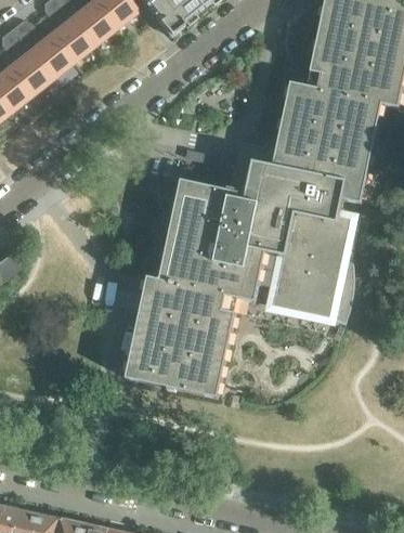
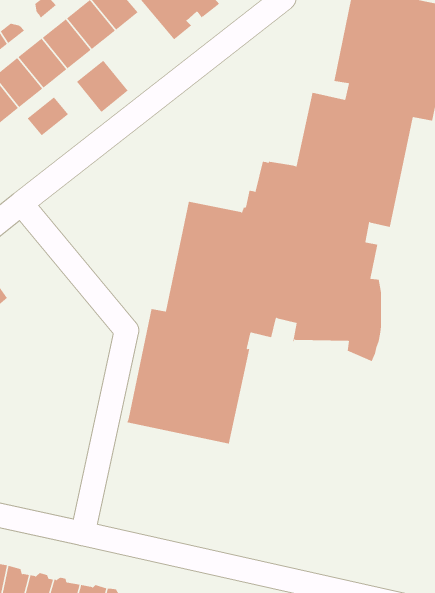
building: none -> [76,60,129,113]
building: none -> [27,96,69,136]

